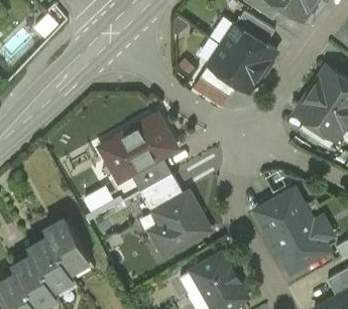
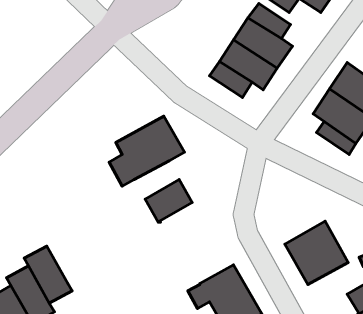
building: [130,157,171,192] -> none
building: [257,190,307,234] -> none
building: [150,192,211,257] -> none
building: [45,218,88,270] -> none

